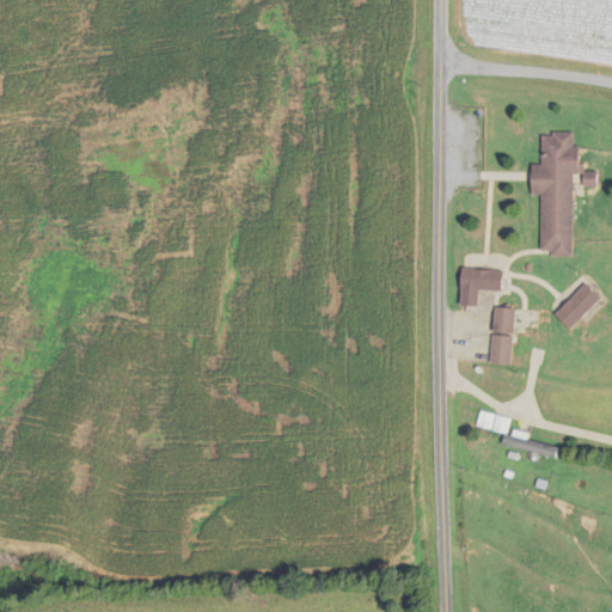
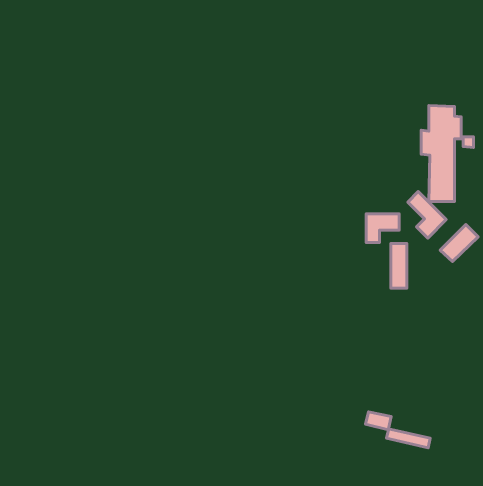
building: none -> [408,192,446,238]
building: [476,411,557,457] -> [366,412,430,448]

